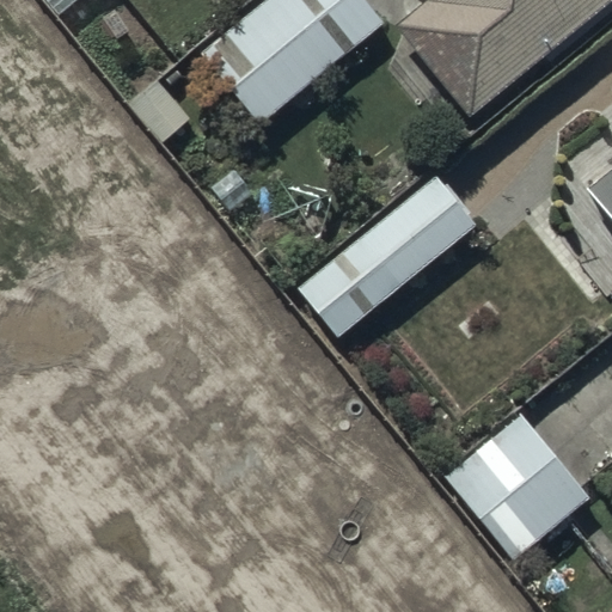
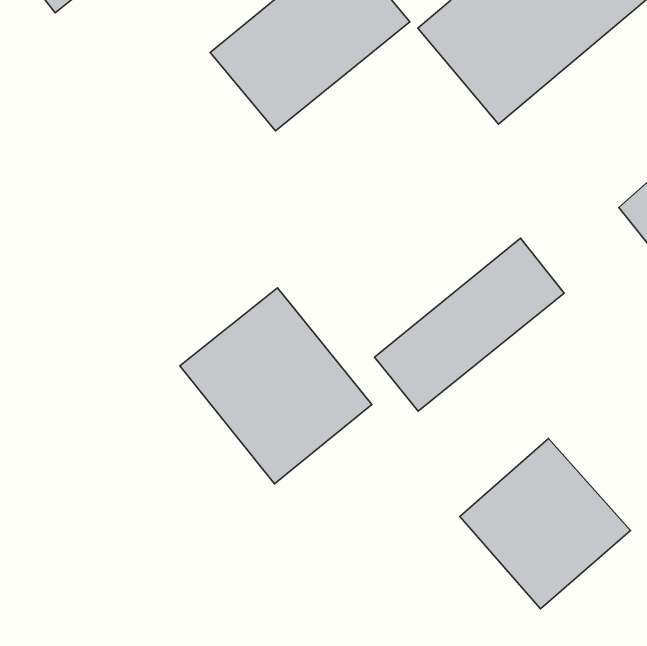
building: [300,173,477,335] -> [375,238,564,411]
building: none -> [180,288,372,484]

